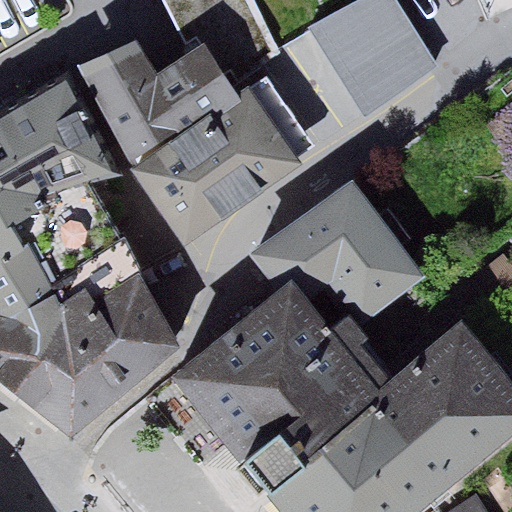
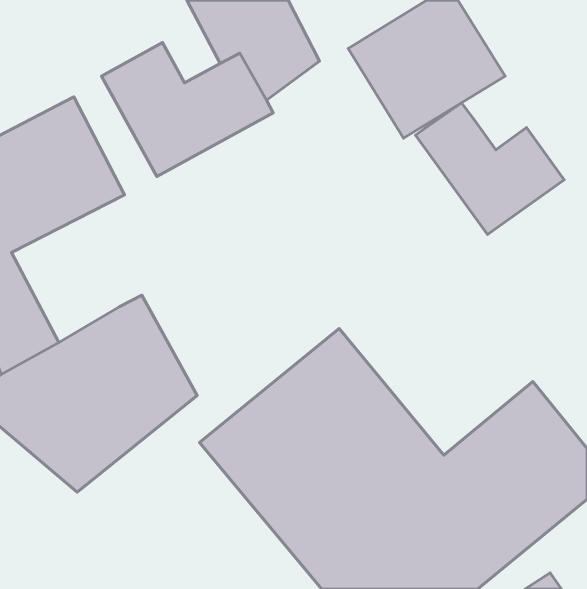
building: none -> [416,103,564,235]
building: [136,92,301,244] -> none
building: [236,169,429,323] -> none

